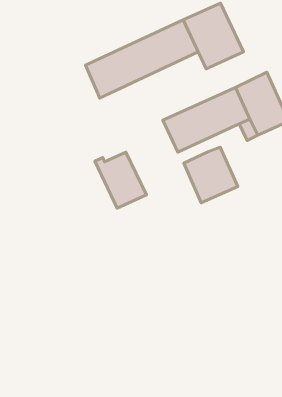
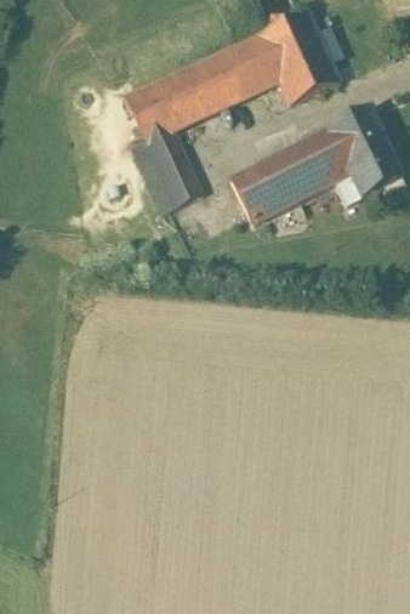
building: [184,147,238,203] -> none
building: [95,152,146,208] -> [130,131,200,207]

